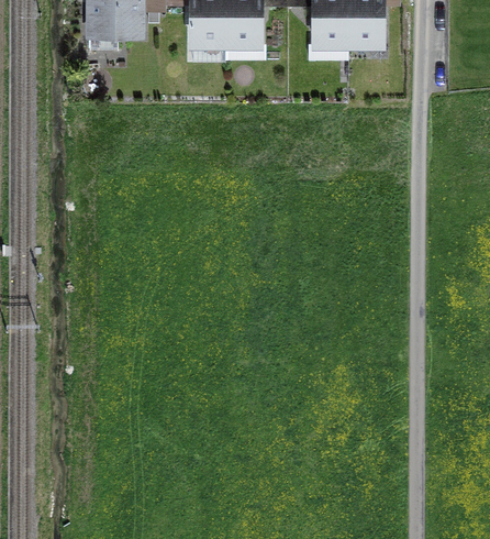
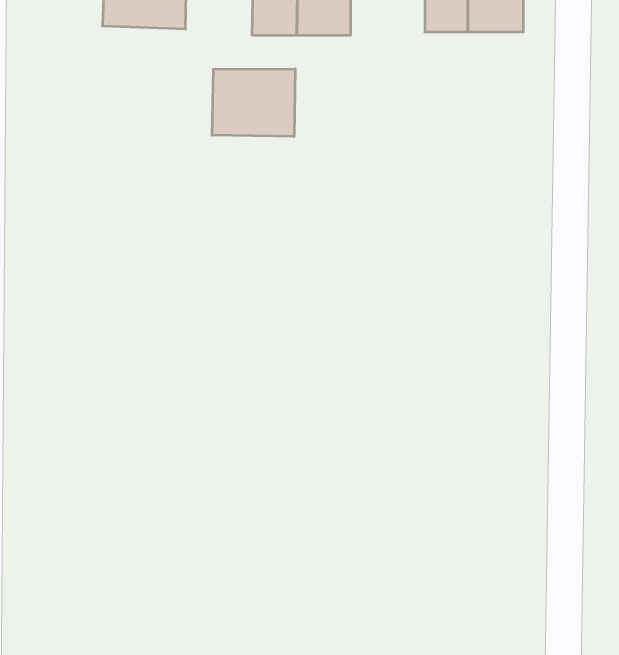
building: none -> [212,69,295,137]

